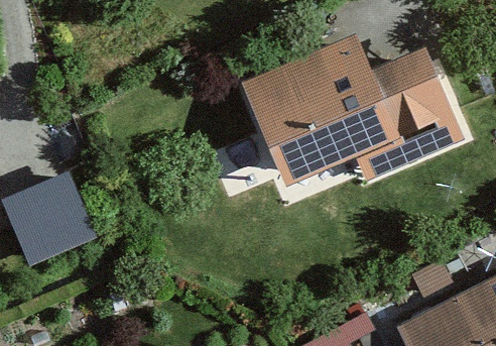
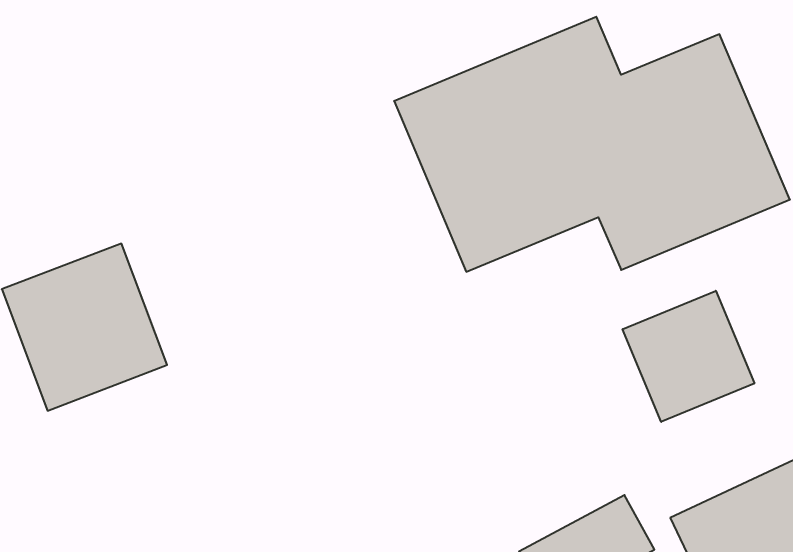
building: none -> [623,291,754,422]

